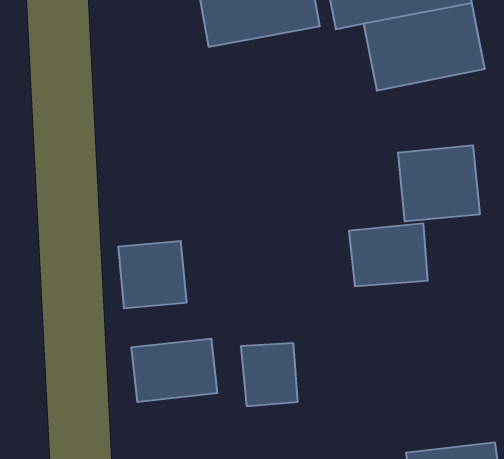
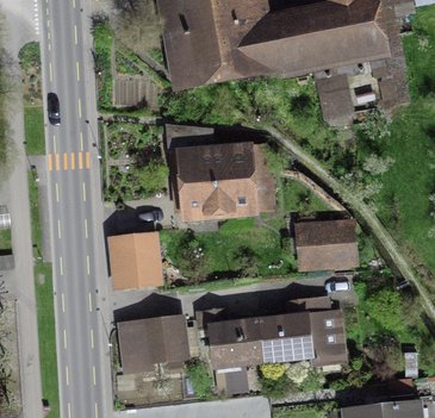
building: none -> [175,144,260,223]
building: [398,145,480,222] -> none
building: none -> [250,310,342,364]

